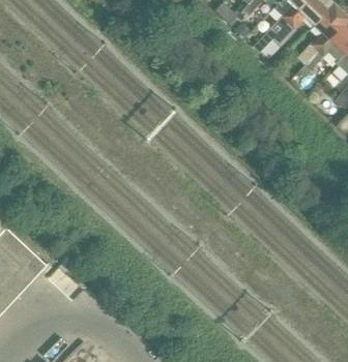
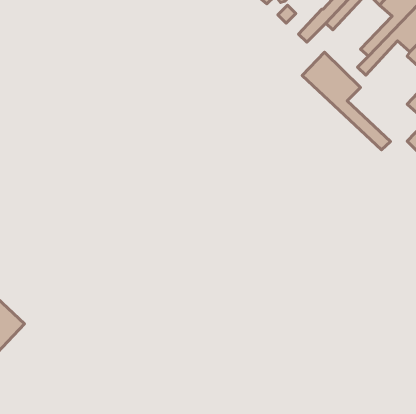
building: none -> [302,52,390,150]

